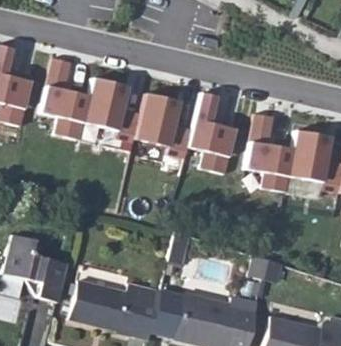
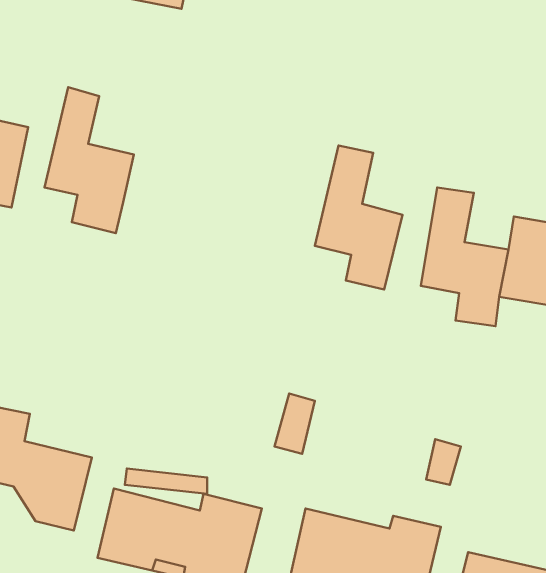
building: [84,78,130,130] -> none
building: [137,94,193,157] -> none

